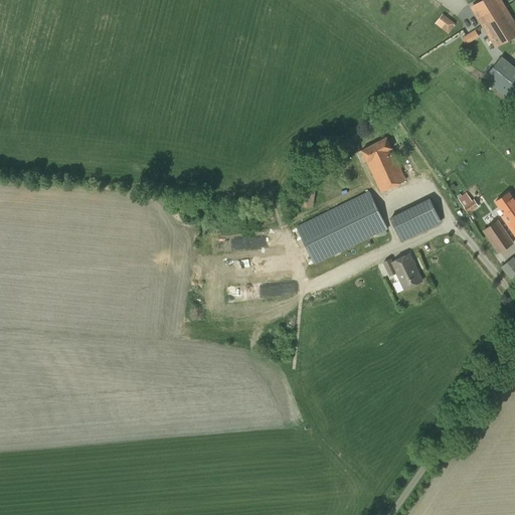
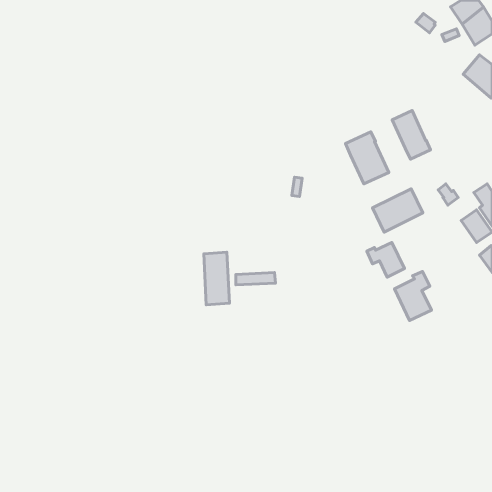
building: none -> [392,111,430,159]
building: [296,190,388,265] -> none
building: none -> [204,252,229,305]
building: none -> [394,271,431,320]

